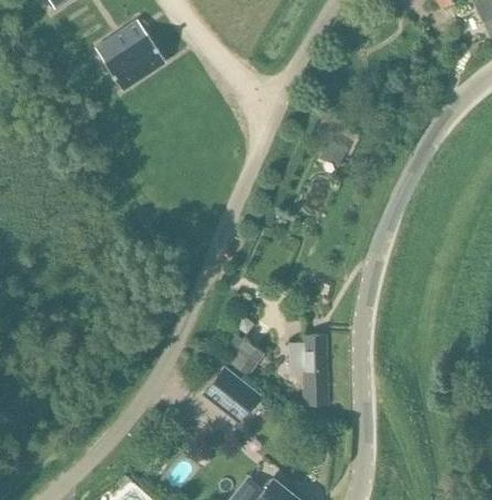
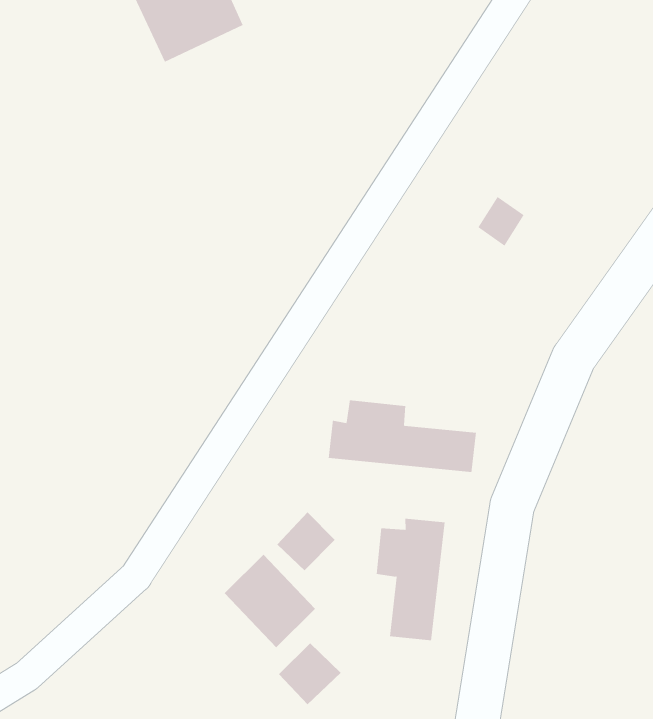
building: none -> [328,400,476,473]
building: none -> [278,642,341,705]

